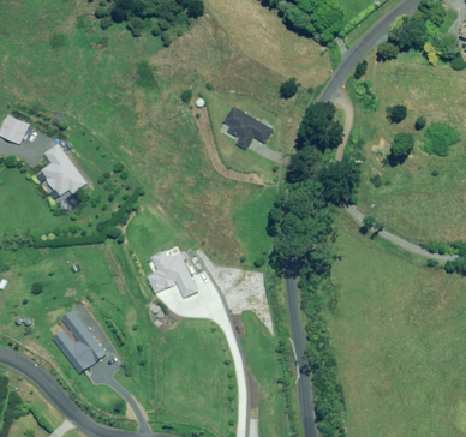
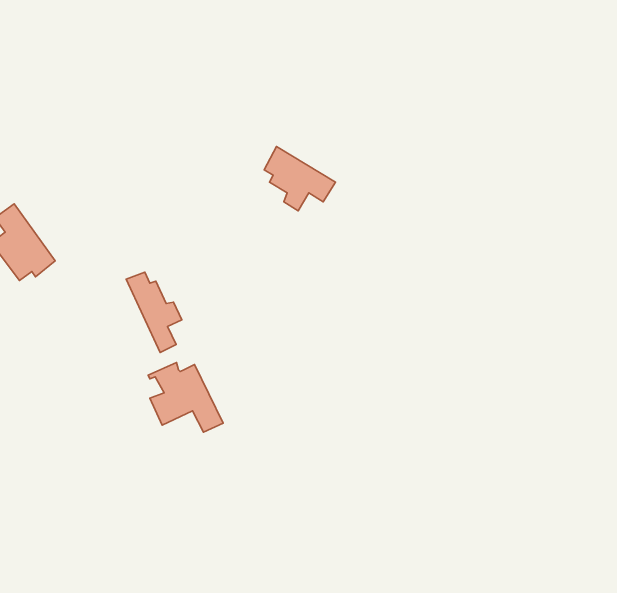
building: none -> [126,272,182,352]
building: [54,309,106,372] -> none

